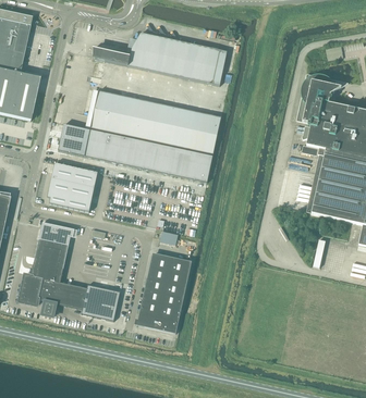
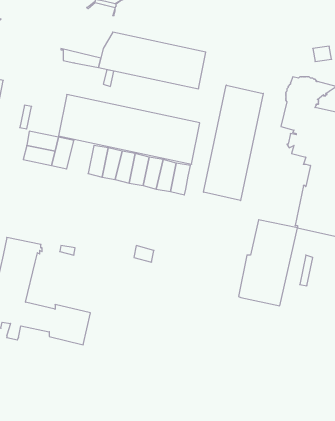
building: none -> [204,85,263,201]
building: [98,132,123,162] -> none
building: [47,162,98,211] -> none
building: [137,252,192,332] -> [239,220,297,306]

